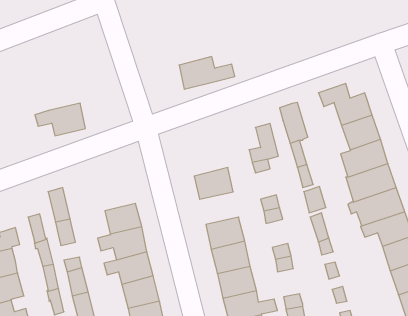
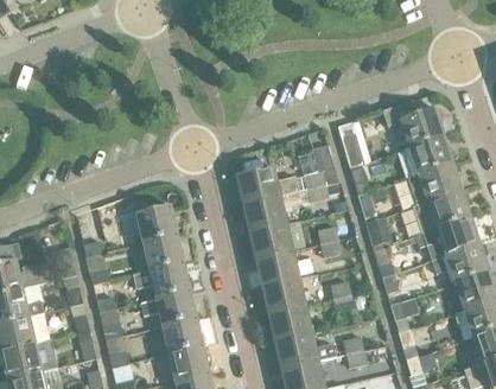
building: [179,57,235,89] -> [236,166,299,203]
building: [35,103,85,136] -> [119,205,176,242]
building: none -> [248,221,292,257]

